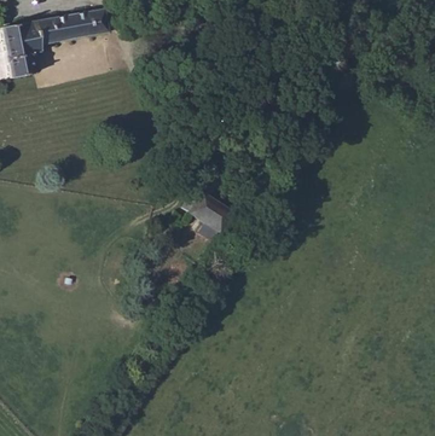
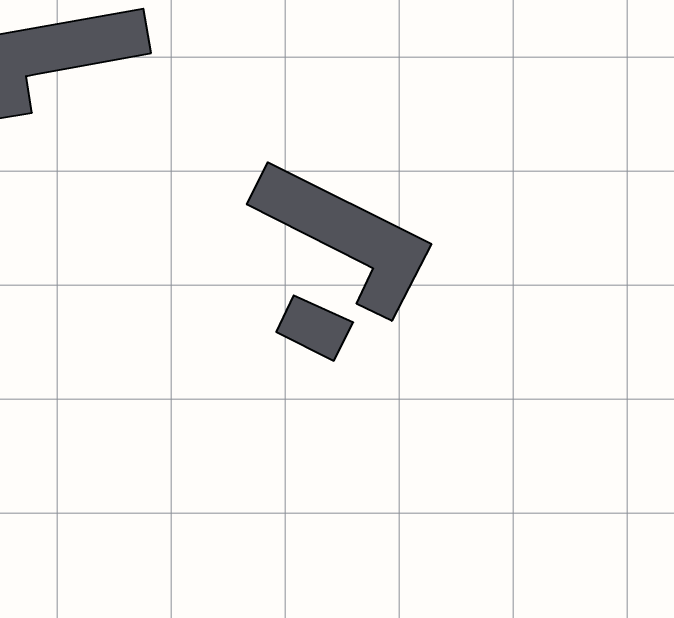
building: none -> [247,162,431,321]

